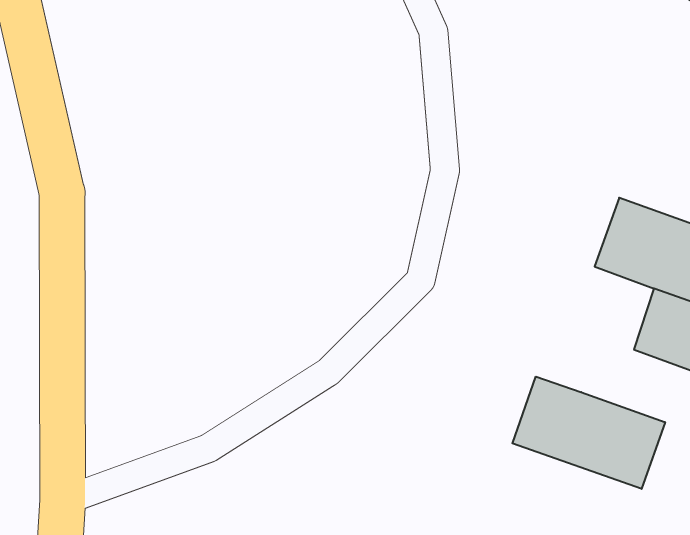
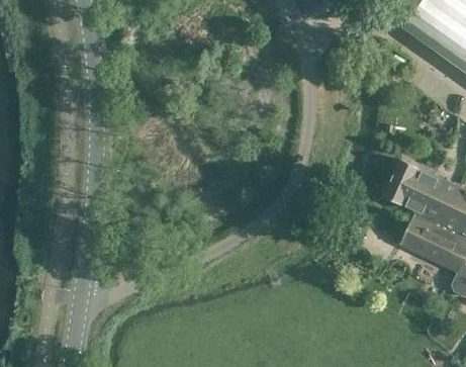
building: [512,377,665,489] -> none

